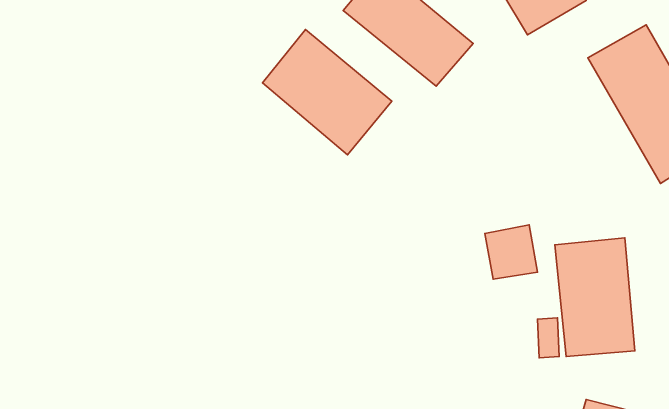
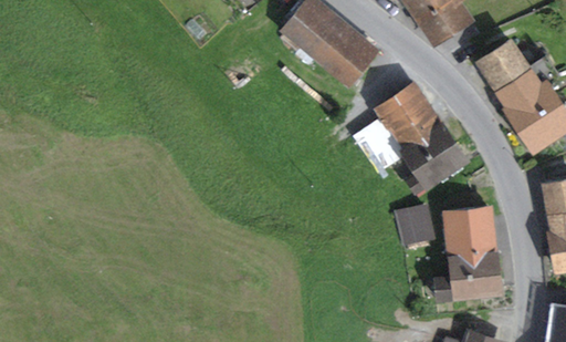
building: [263,29,392,155] -> none
building: none -> [368,83,462,190]

